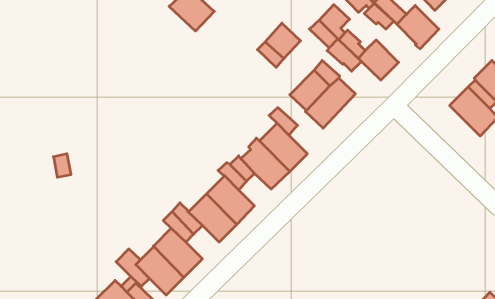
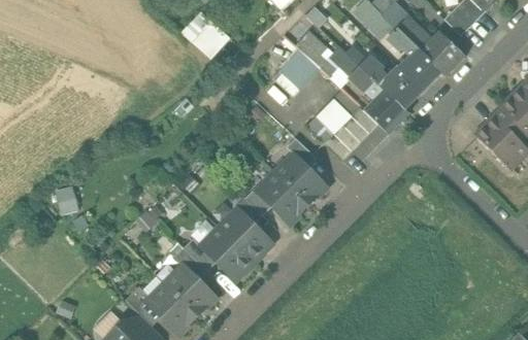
building: none -> [295,31,335,76]
building: none -> [399,47,441,91]
building: none -> [364,90,408,134]

